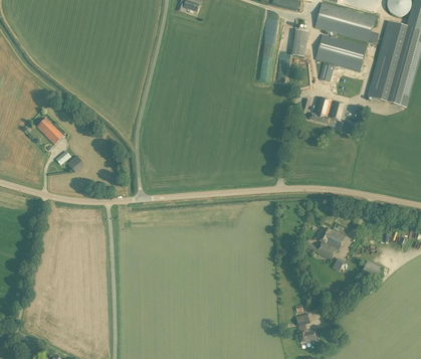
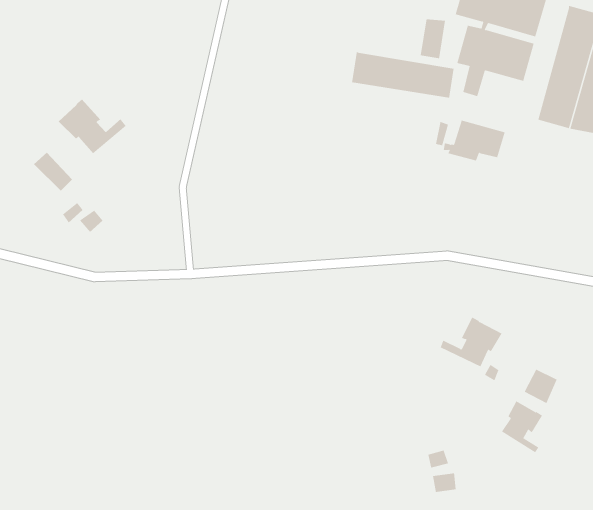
building: none -> [351,51,454,98]
building: none -> [58,99,127,154]
building: none -> [501,400,543,453]

